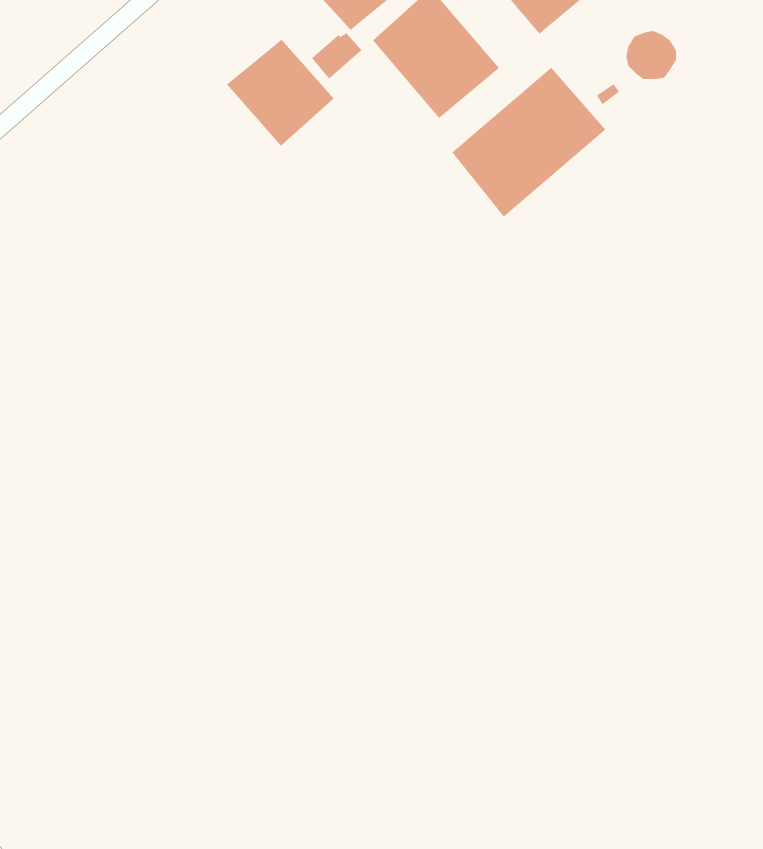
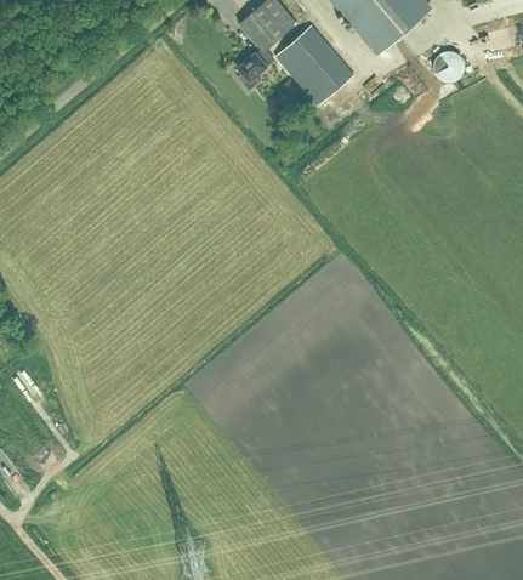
building: [226,39,335,146] -> none
building: [451,67,606,217] -> none

